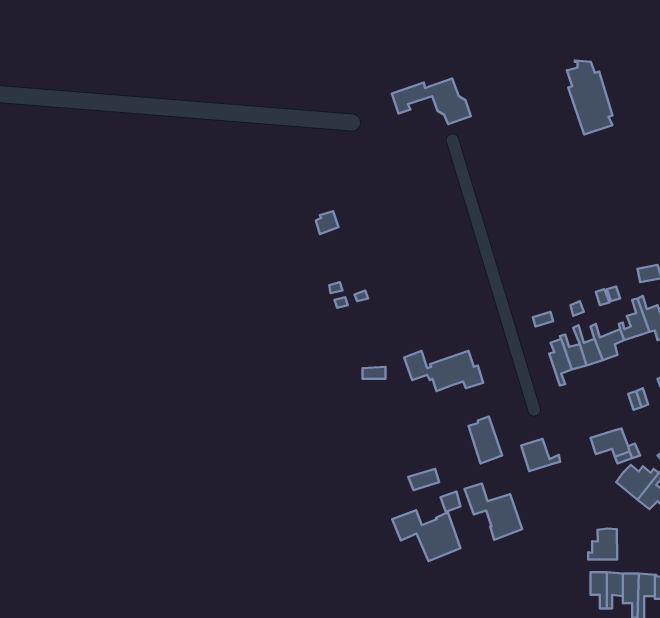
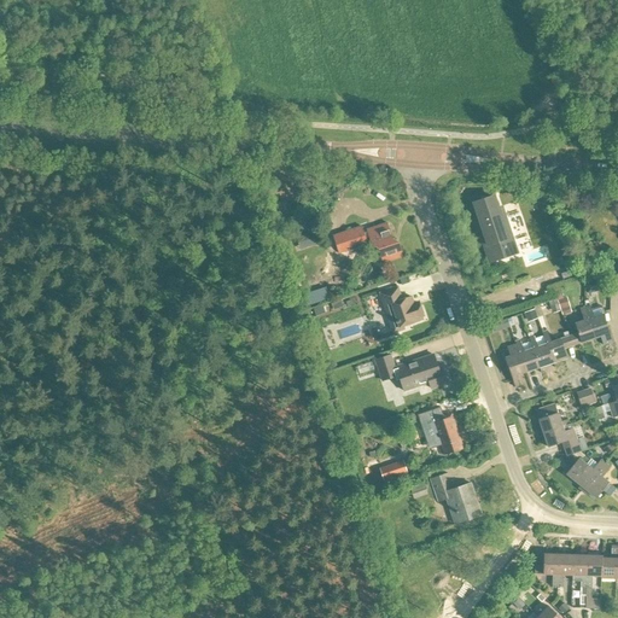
building: [567,61,612,134] -> [474,196,515,262]
building: [392,79,471,124] -> [333,221,404,262]
building: none -> [380,285,424,332]
building: [521,439,560,471] -> [536,403,571,432]
building: [392,510,461,561] -> none
building: [588,529,617,560] -> none

